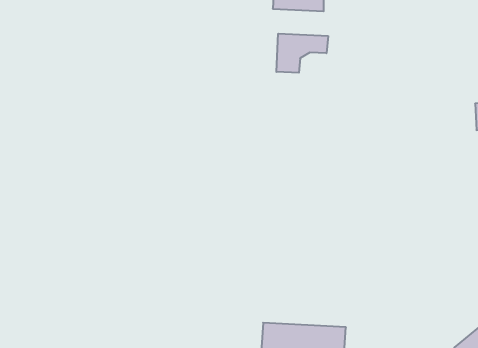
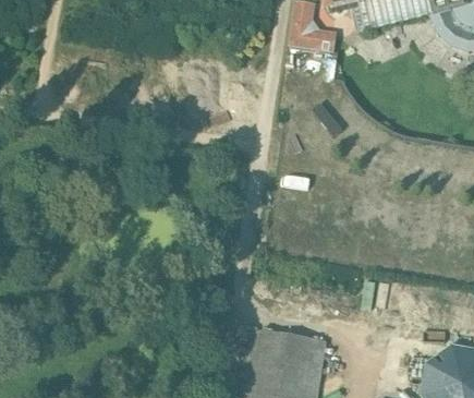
building: [276,34,328,73] -> none

